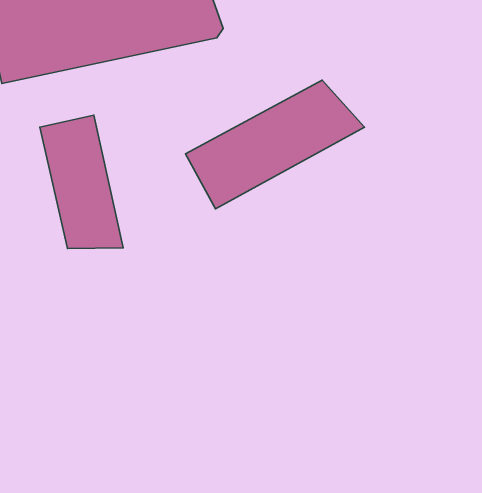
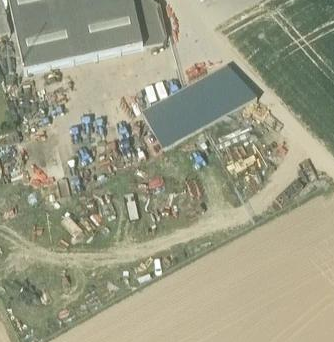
building: [40,115,123,248] -> none

